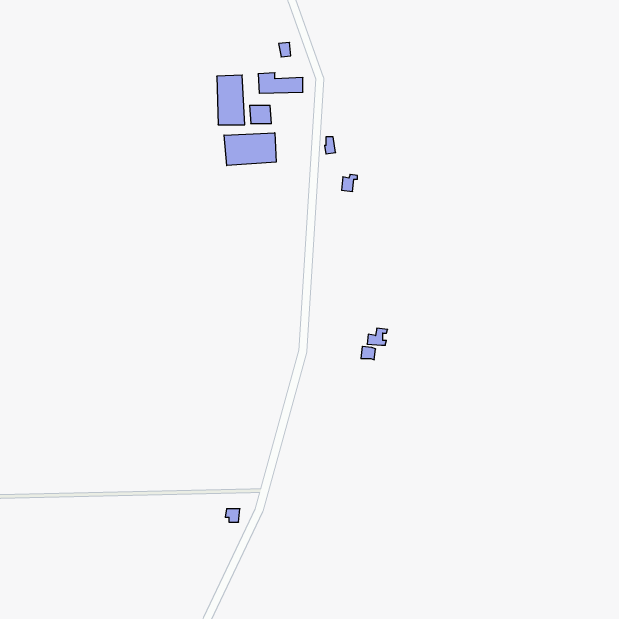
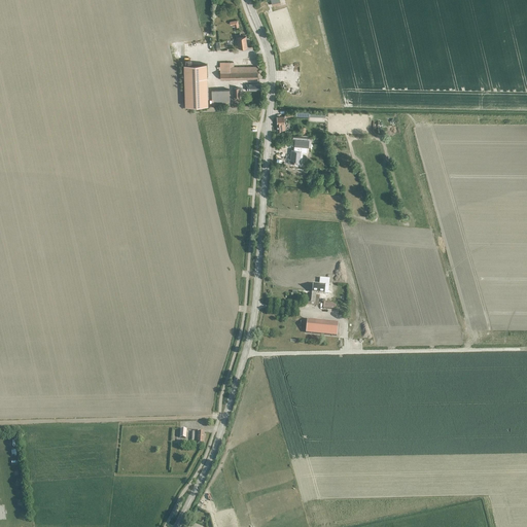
building: [224,133,276,166] -> none
building: none -> [306,319,338,337]

